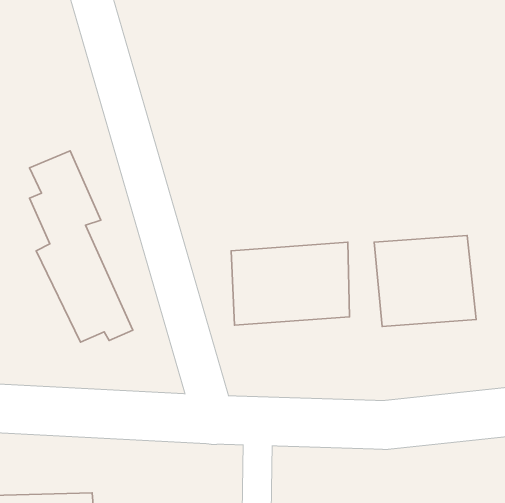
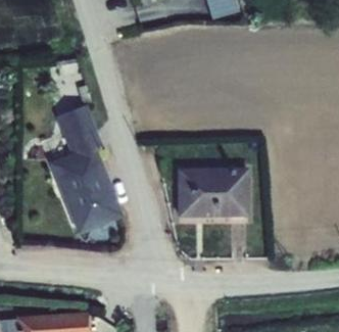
building: [374,236,476,326] -> none

